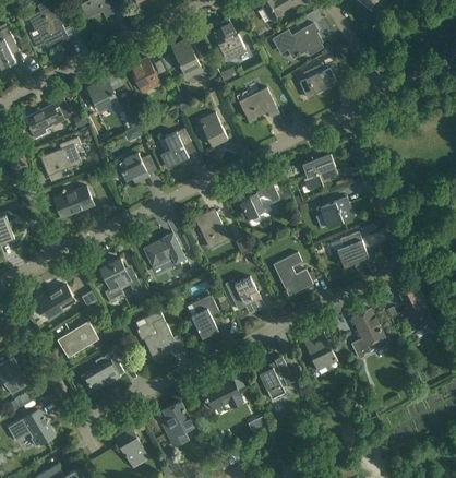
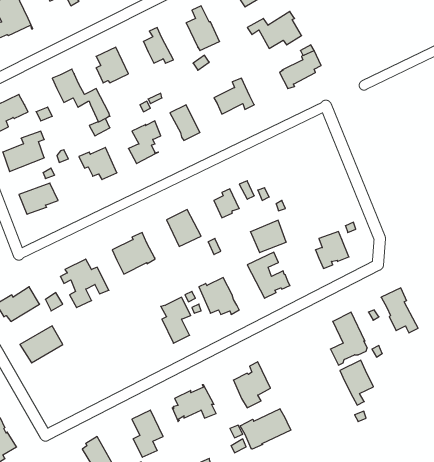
building: [303,155,337,188] -> none
building: [320,196,353,227] -> [250,220,286,253]
building: [136,311,176,361] -> none
building: [303,332,335,374] -> [340,360,373,405]
building: [80,355,123,393] -> none
building: none -> [240,409,291,449]

